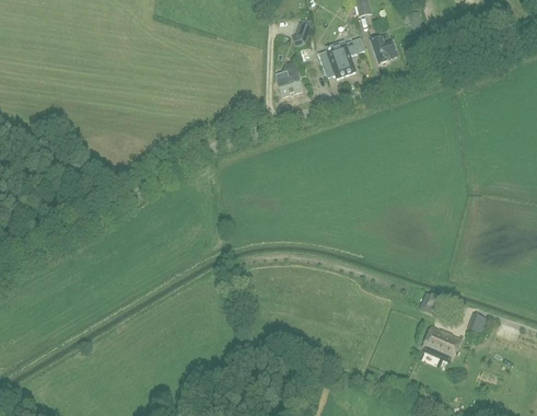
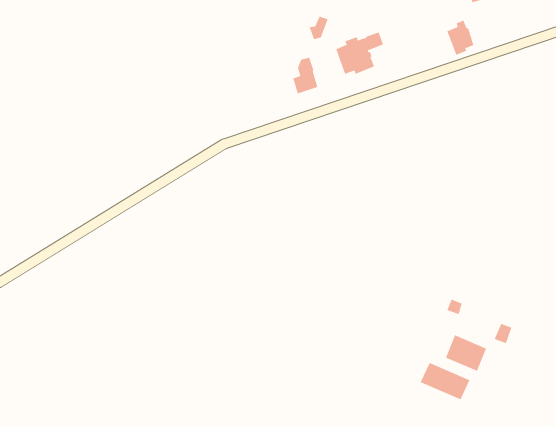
building: [371,30,397,63] -> [446,20,474,56]
building: none -> [420,362,470,400]

